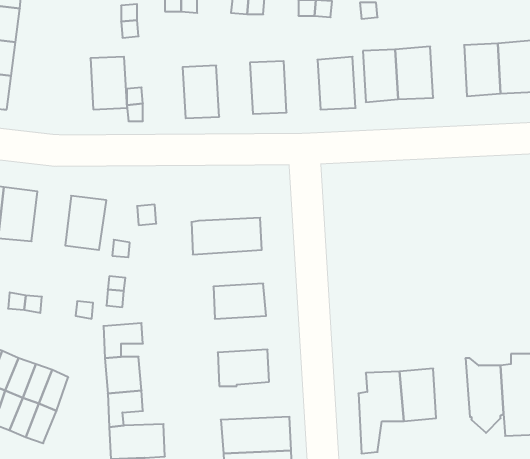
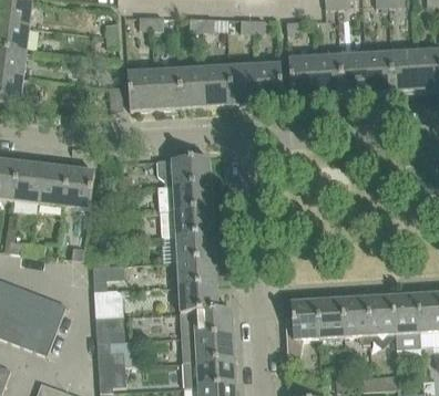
building: none -> [339,53,367,93]
building: [90,57,127,109] -> [126,70,154,110]
building: none -> [228,64,256,104]
building: none -> [177,66,205,107]
building: none -> [156,156,211,186]
building: none -> [38,164,68,205]
building: none -> [160,208,213,237]
building: none -> [176,258,216,285]
building: none -> [341,290,369,341]
building: none -> [180,308,233,336]

